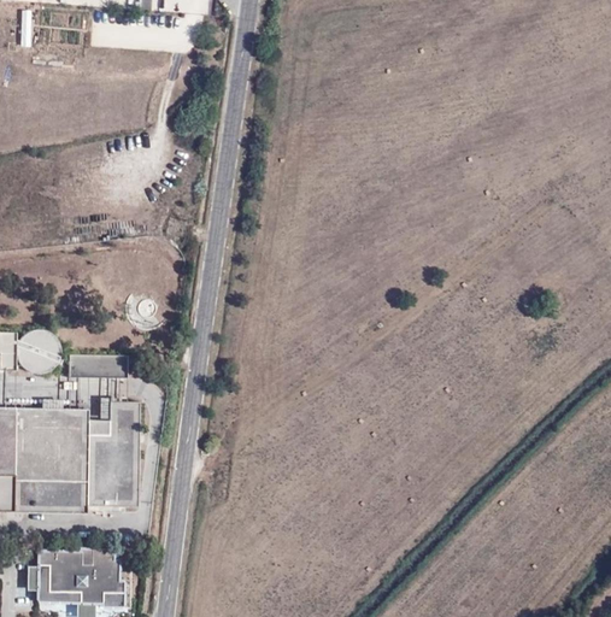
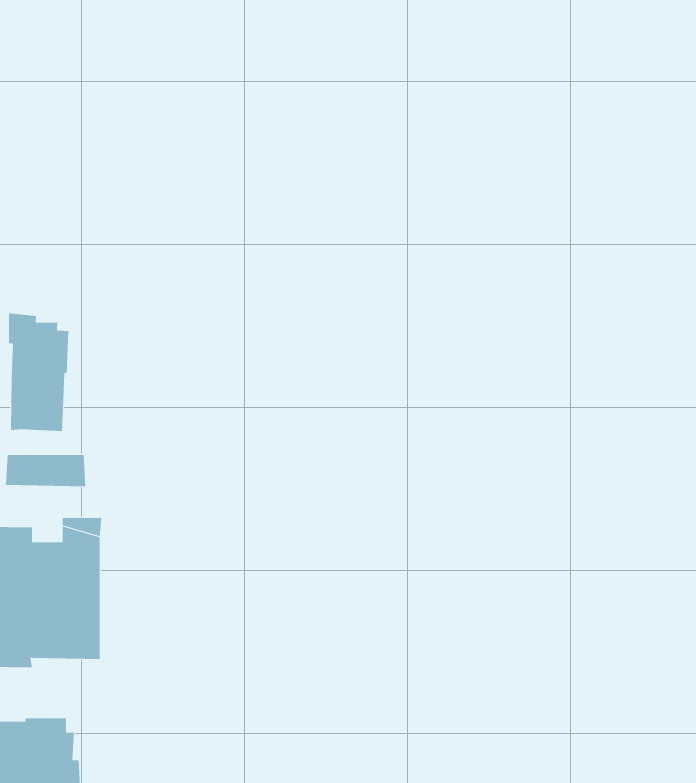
building: none -> [9,312,69,432]

